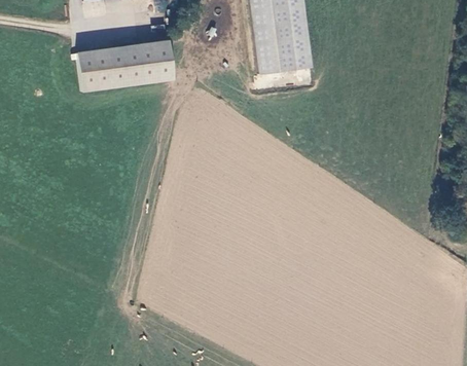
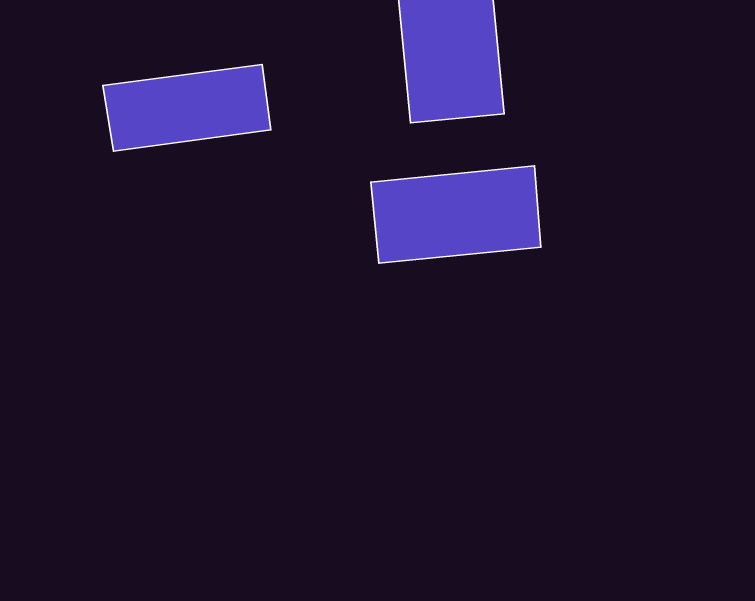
building: none -> [371,166,541,263]

